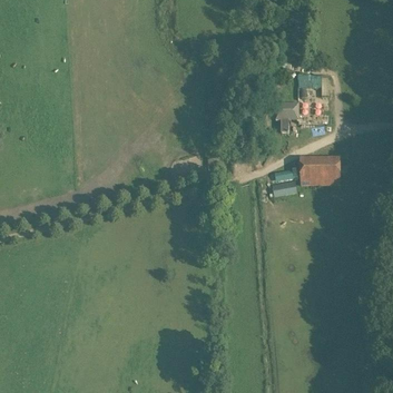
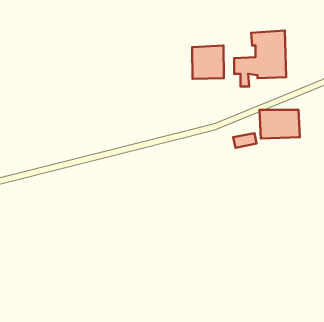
building: none -> [192,45,224,79]

